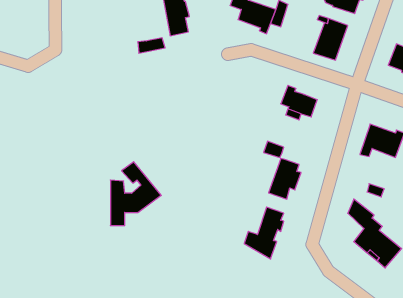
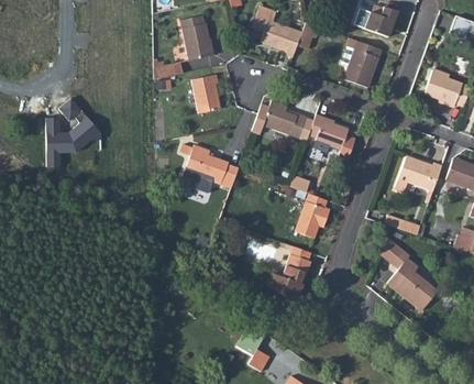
building: none -> [191,75,220,113]
building: none -> [251,101,306,138]
building: none -> [184,145,229,184]
building: [110,162,161,226] -> [46,98,101,167]

